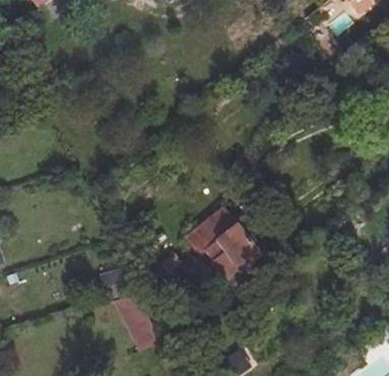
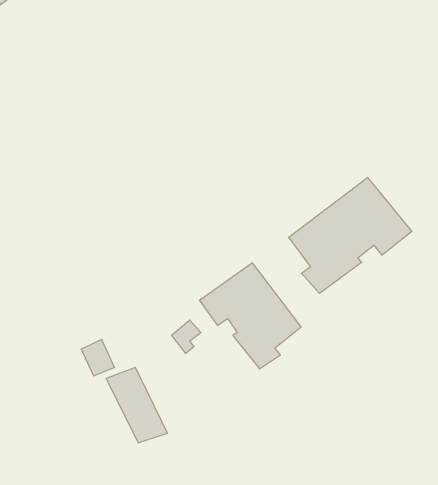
building: none -> [289,177,412,293]

